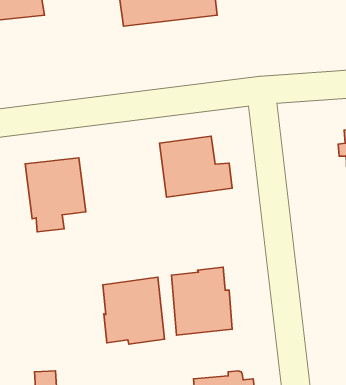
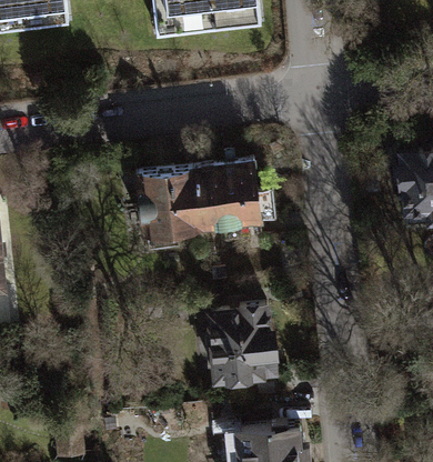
building: [25,158,86,232] -> [134,167,202,249]
building: [103,277,165,344] -> none

